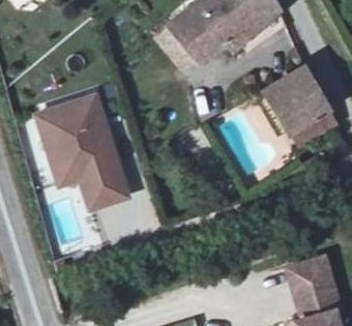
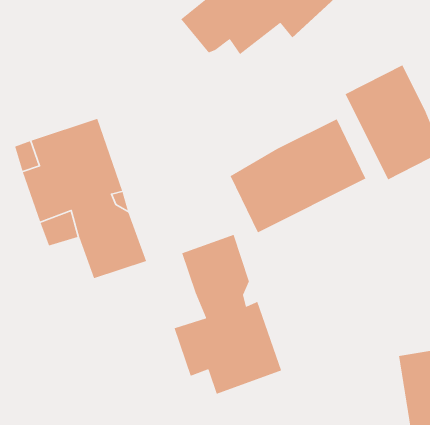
building: none -> [230,118,366,233]
building: none -> [173,234,282,395]

